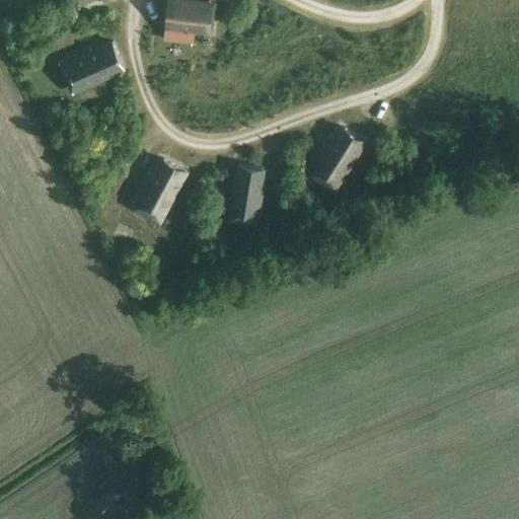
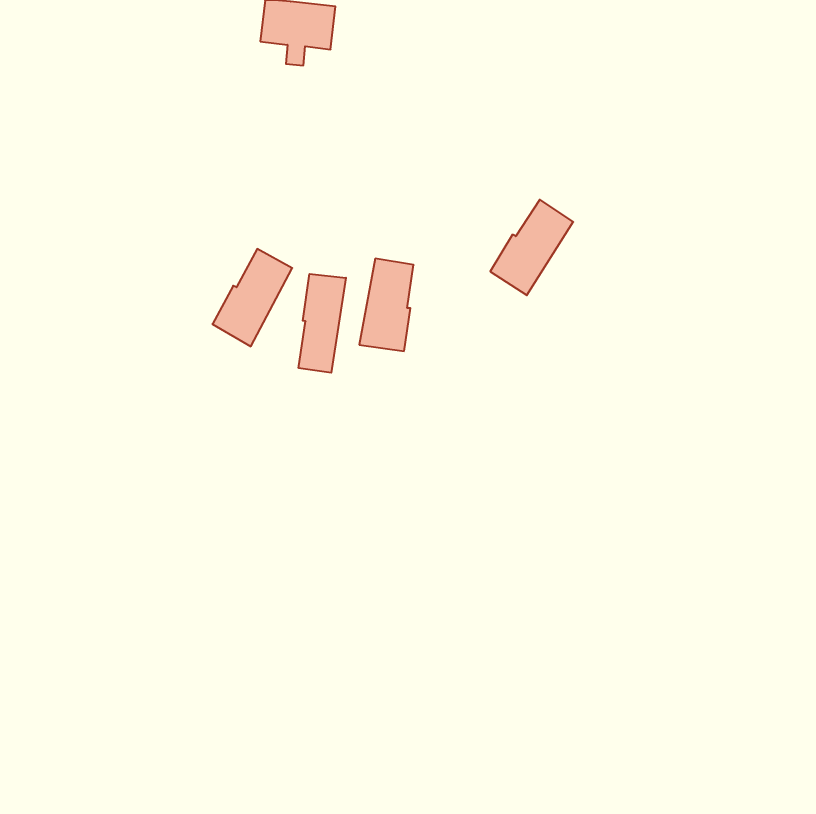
building: [60,43,124,93] -> none
building: none -> [299,274,346,373]

